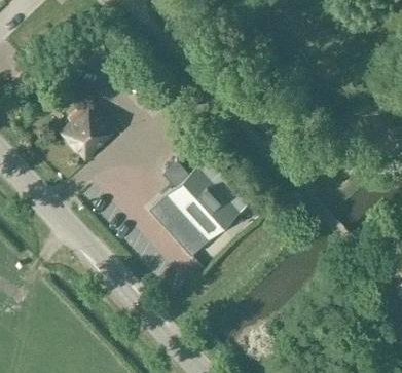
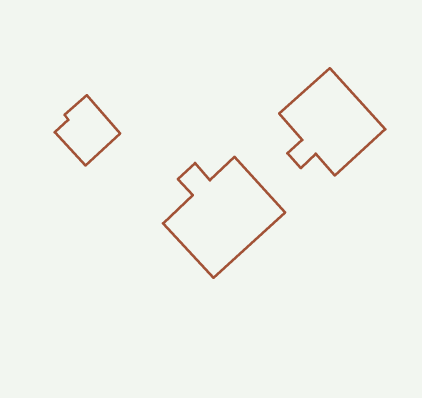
building: none -> [279,68,385,175]

